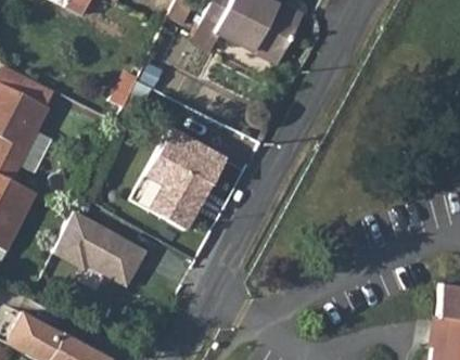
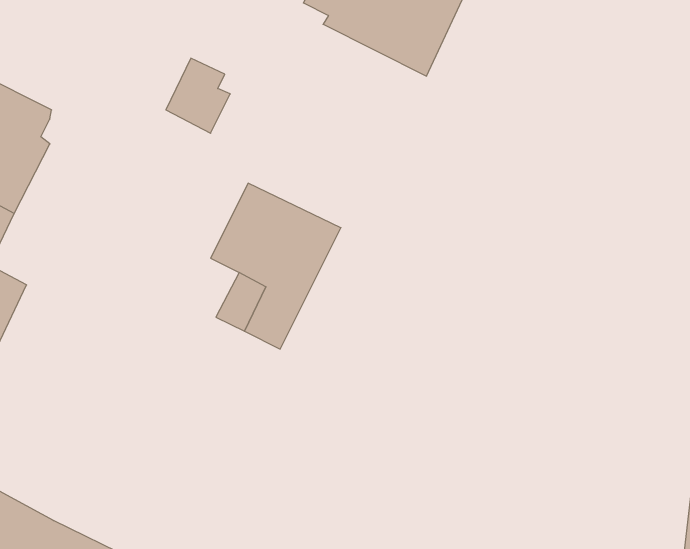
building: [54,215,148,284] -> none

